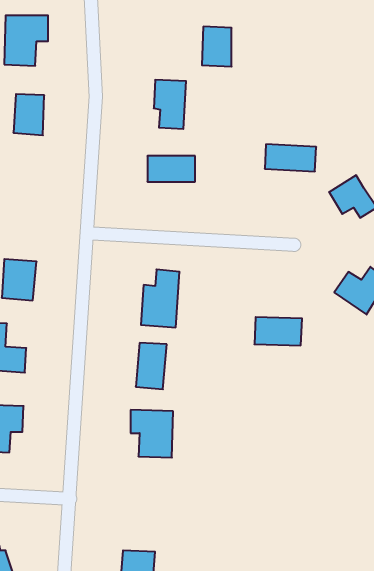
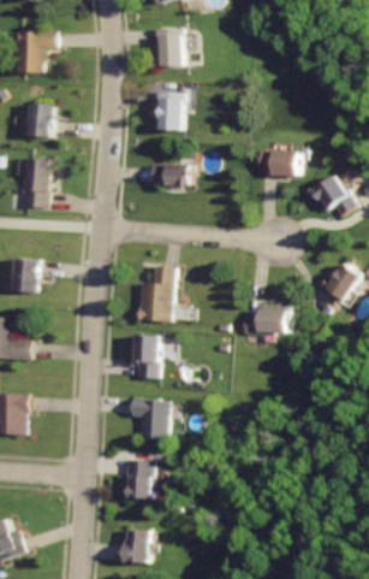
building: [202,27,232,67] -> [154,29,181,66]
building: none -> [23,160,50,206]
building: none -> [126,459,162,500]

